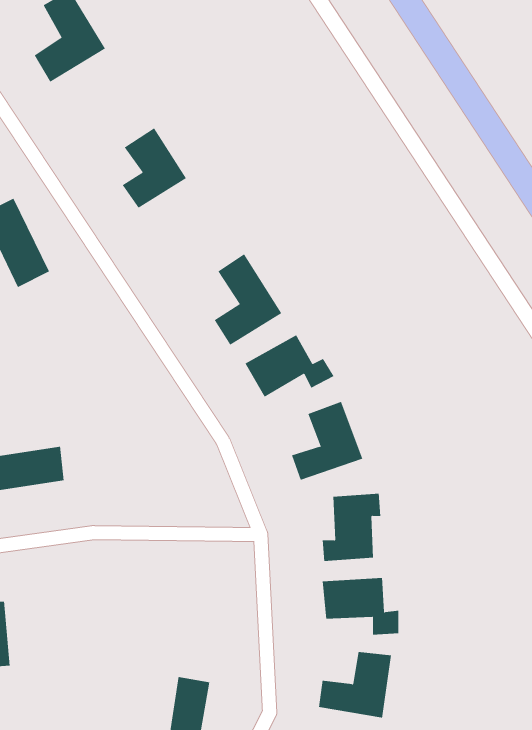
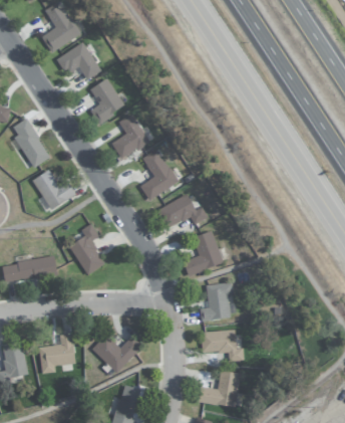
building: none -> [56,42,101,80]
building: none -> [111,114,148,159]
building: none -> [32,170,76,213]
building: none -> [69,225,105,275]
building: none -> [39,335,75,374]
building: none -> [92,335,142,373]

